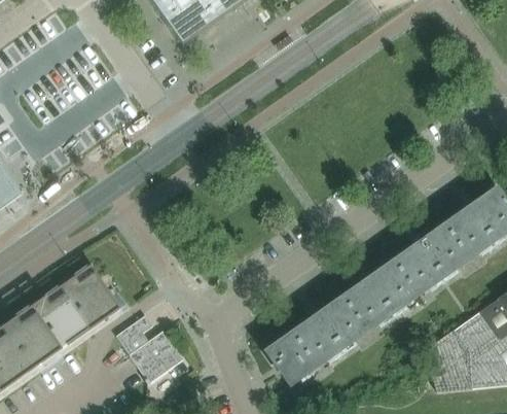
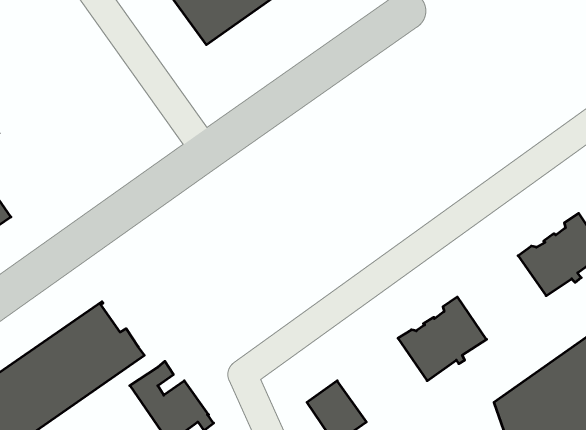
building: [393,226,468,297] -> none
building: [291,296,367,367] -> none

